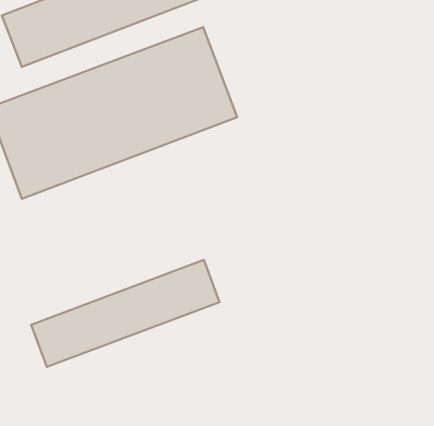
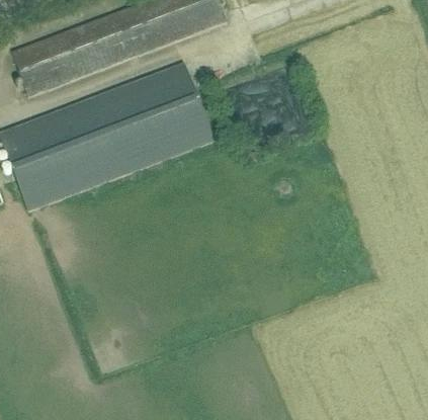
building: [31,260,220,367] -> none

